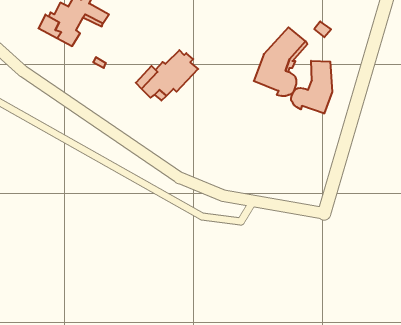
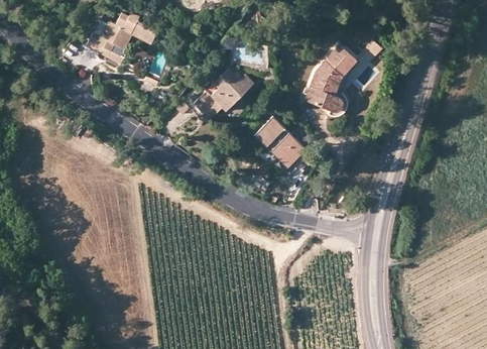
building: [291,61,332,114] -> none
building: none -> [253,115,305,166]

